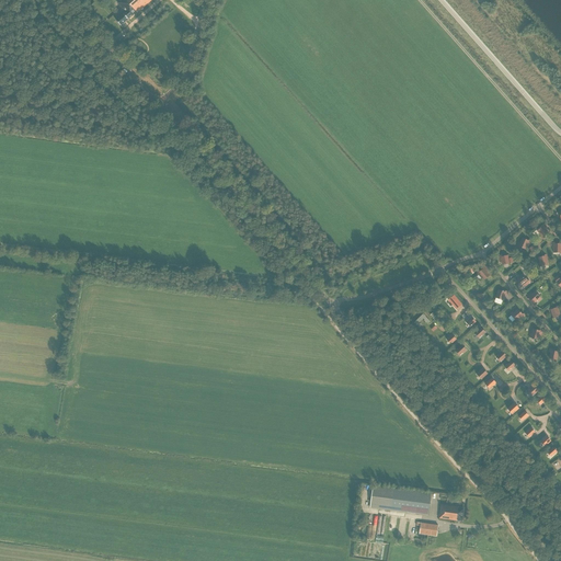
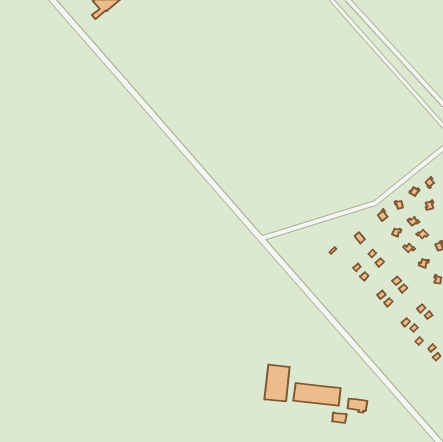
building: none -> [265,364,290,401]

